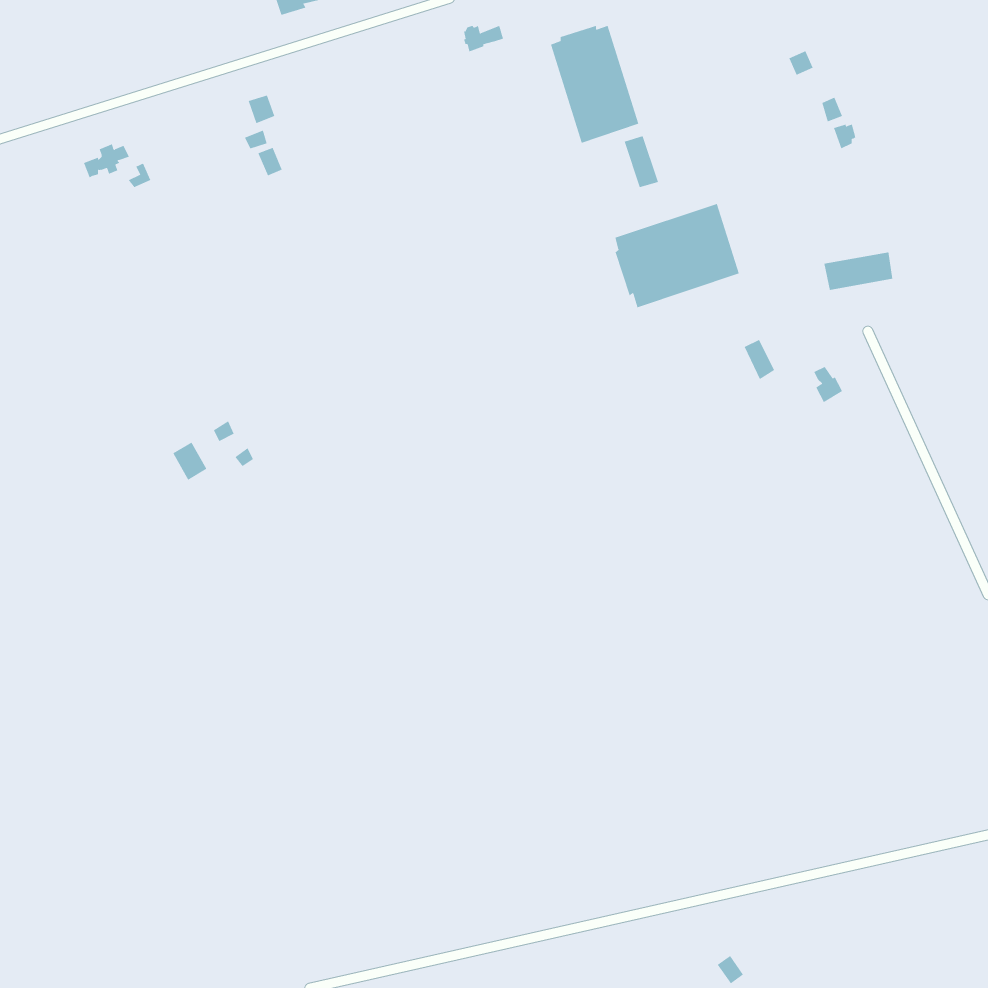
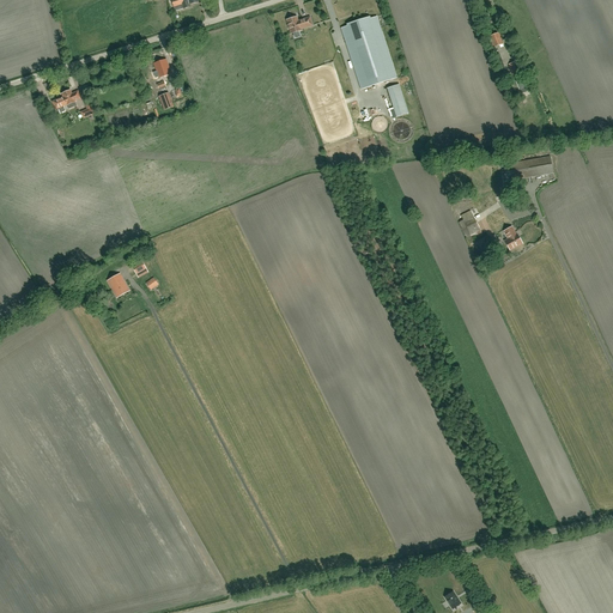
building: [615,203,739,308] -> none

